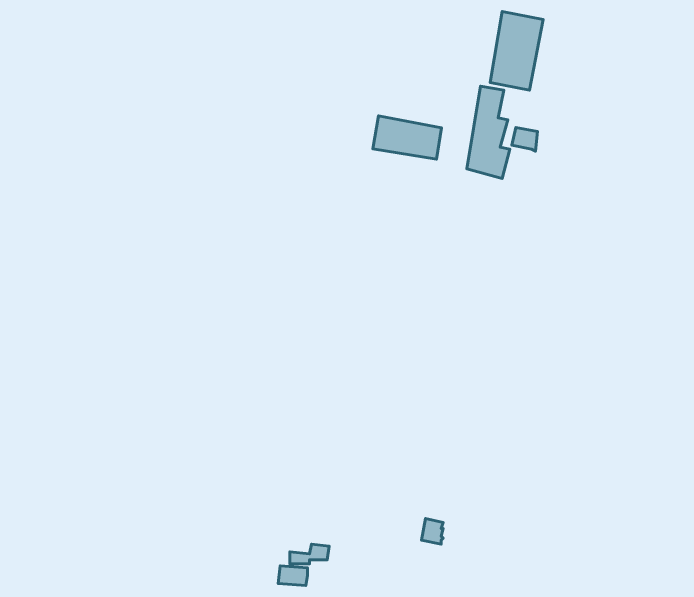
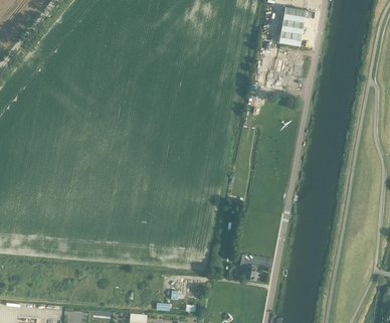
building: [373,116,441,159] -> none

